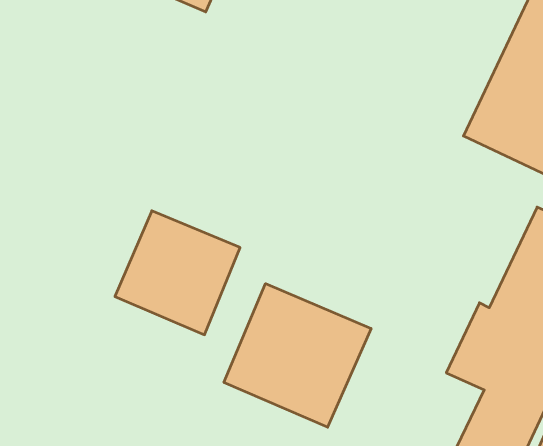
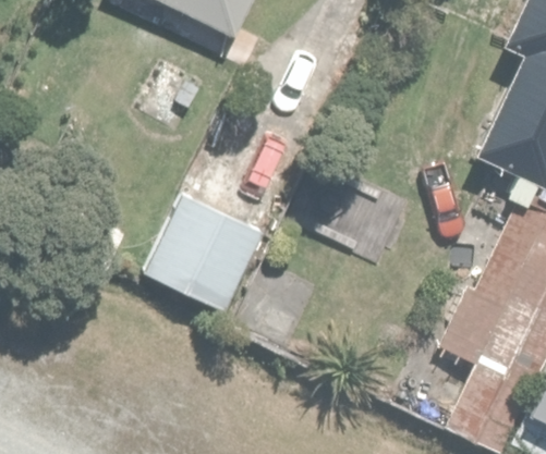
building: [224,284,371,427] -> none

